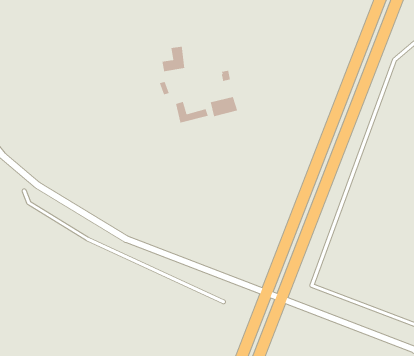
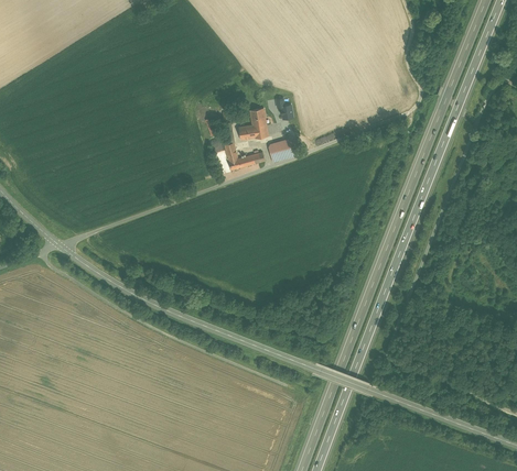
building: [162,46,185,72] -> [238,108,267,140]

